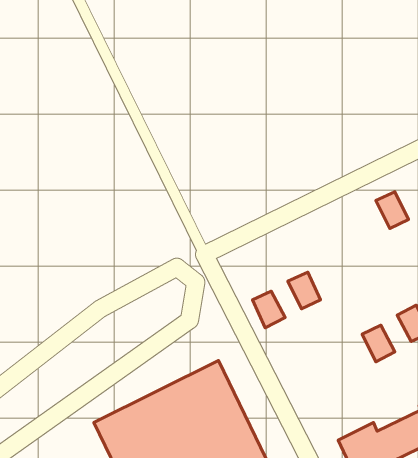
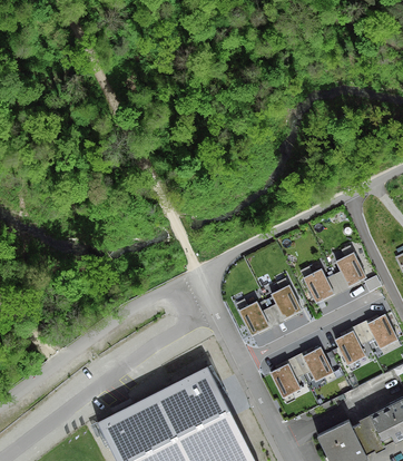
building: [376,192,409,228] -> [336,254,365,286]
building: none -> [304,269,333,302]
building: none -> [303,349,332,382]
building: none -> [271,365,299,398]

